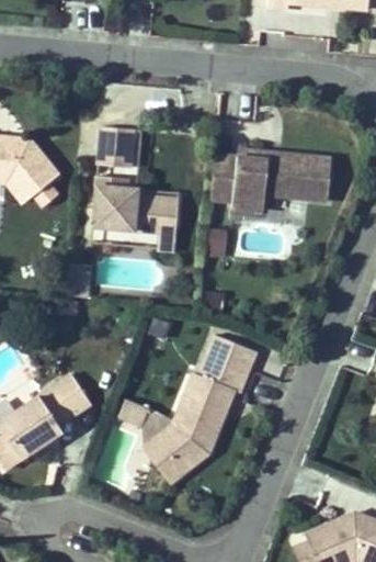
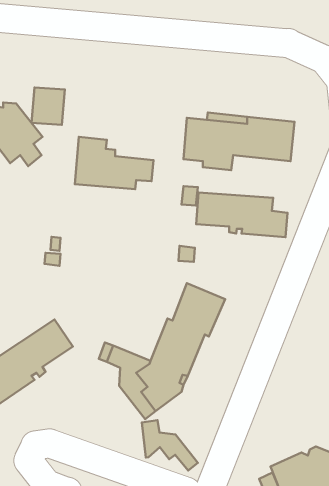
building: [99,127,135,168] -> [31,88,65,125]
building: none -> [196,193,287,237]
building: none -> [142,420,198,470]

